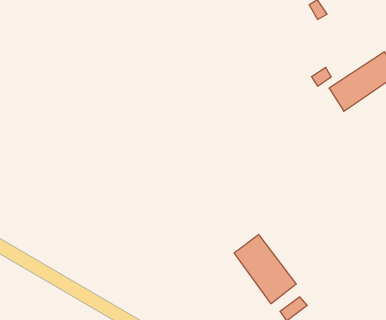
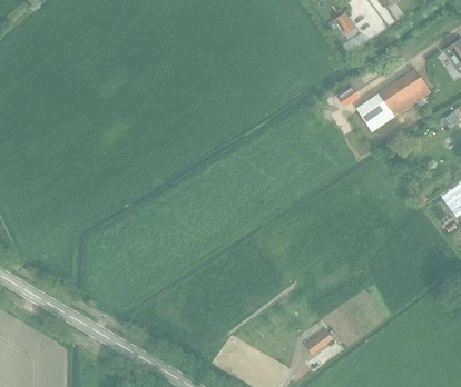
building: [234,235,296,304] -> none

